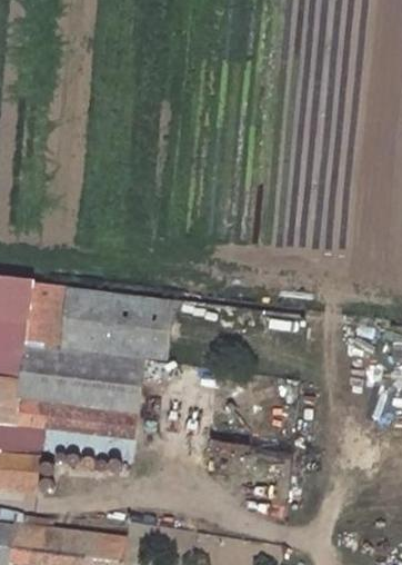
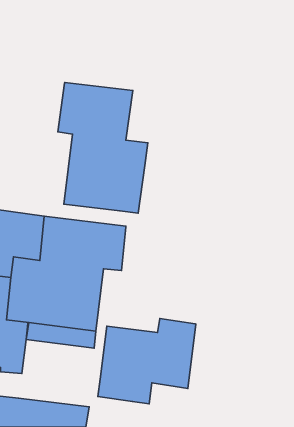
building: none -> [58,82,148,213]
building: none -> [98,319,196,404]

